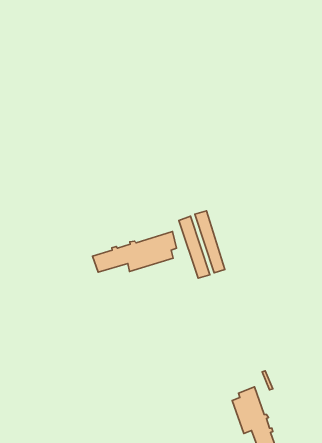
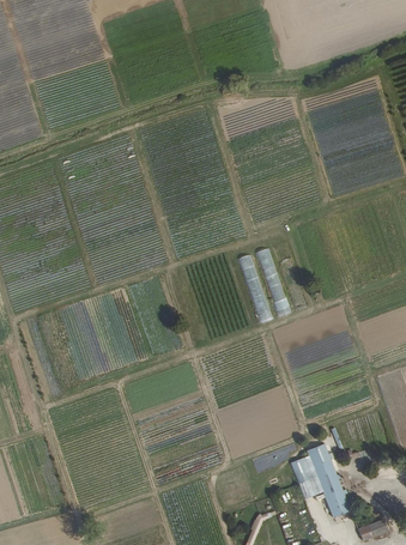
building: [93,231,177,272] -> none

